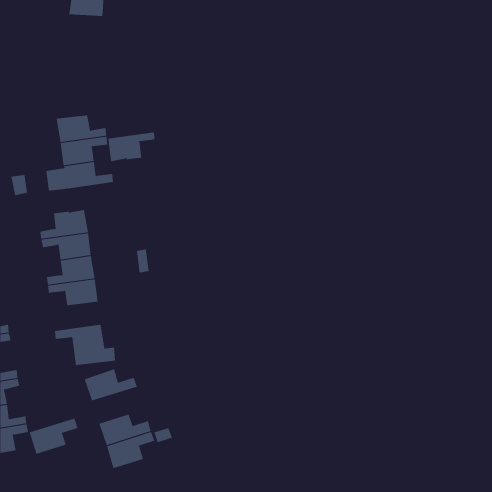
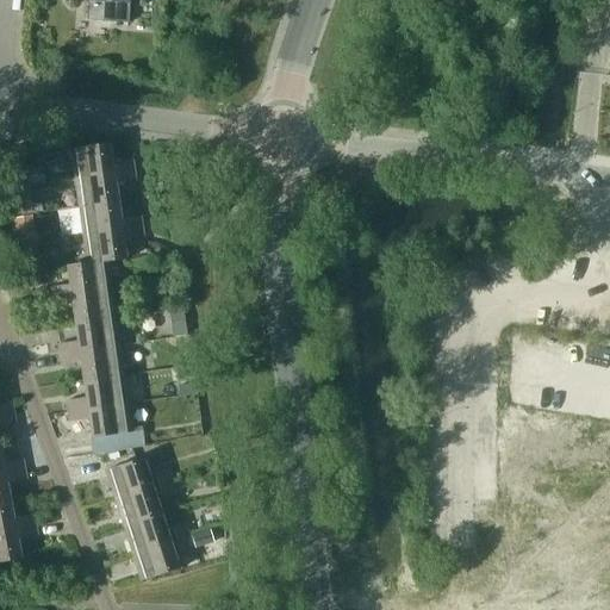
building: [107,132,156,162] -> [82,225,142,262]
building: none -> [66,373,125,409]
building: [29,418,78,454] -> [113,478,174,523]

